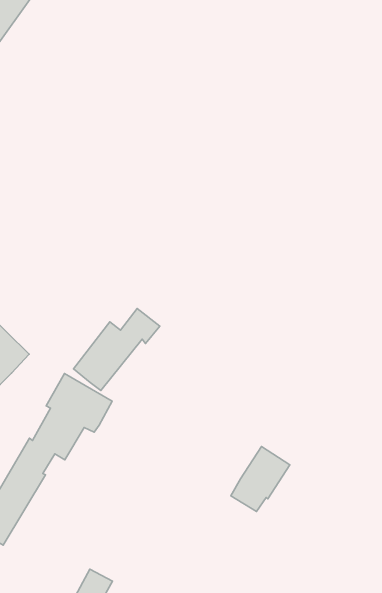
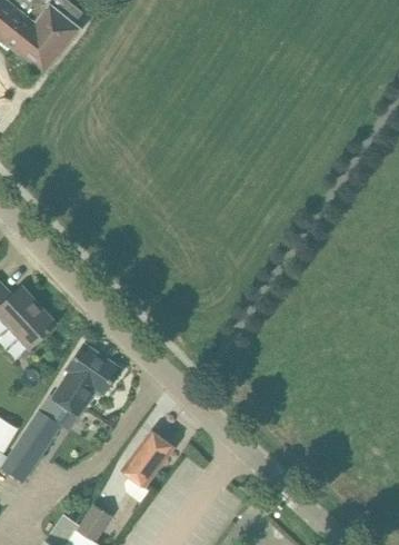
building: [73,309,160,391] -> none
building: [231,446,290,512] -> [122,430,172,484]

